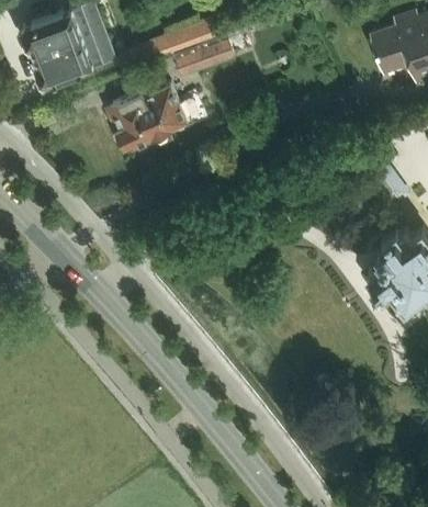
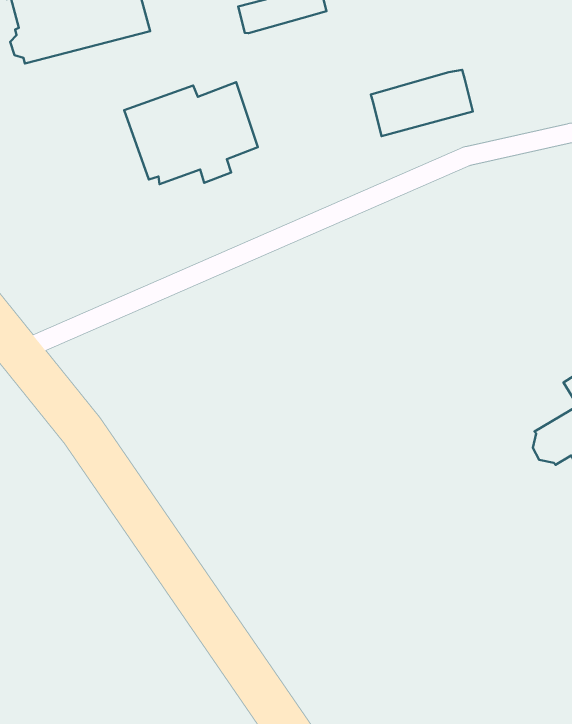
building: [173,34,235,78] -> [371,70,473,136]

